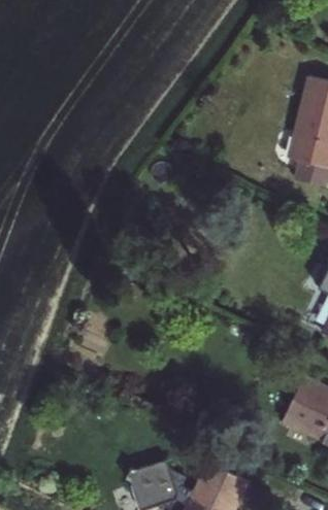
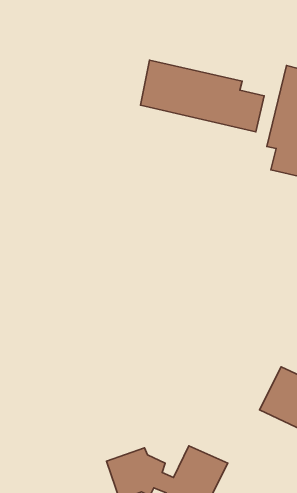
building: none -> [140,60,264,132]

